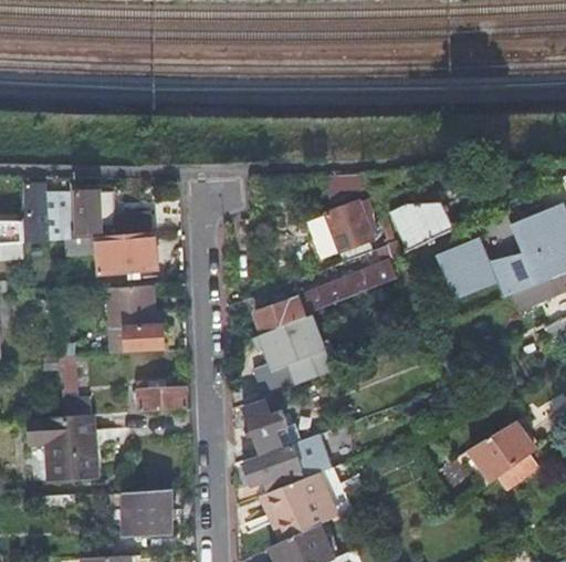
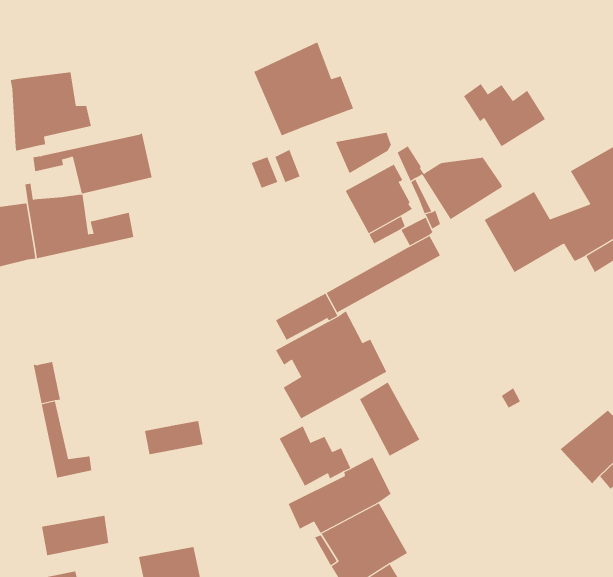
building: none -> [10,71,92,151]
building: none -> [253,42,354,136]
building: none -> [463,83,546,147]
building: [61,229,156,272] -> [33,133,153,194]
building: [104,283,160,352] -> none
building: none -> [359,382,420,457]
building: [21,415,95,455] -> none

